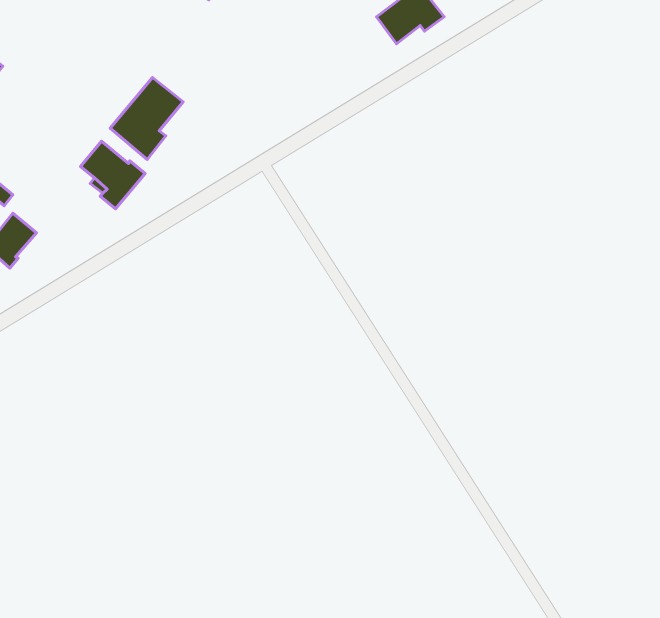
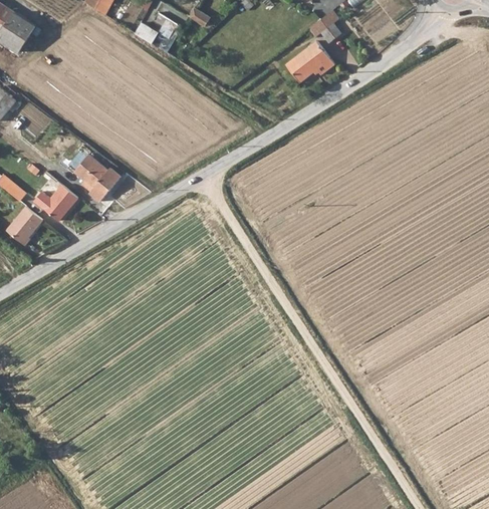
building: [110,77,183,160] -> none
building: none -> [32,183,76,220]

